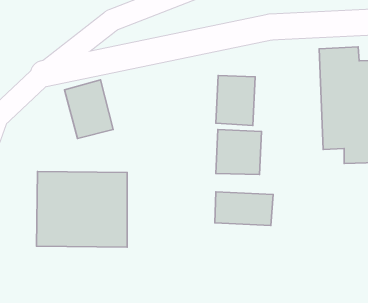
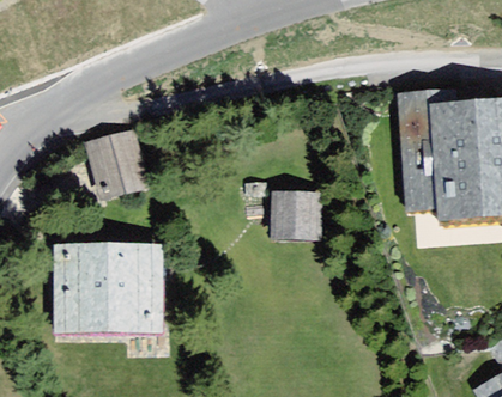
building: [216,75,255,126] -> none
building: [215,192,273,226] -> none

